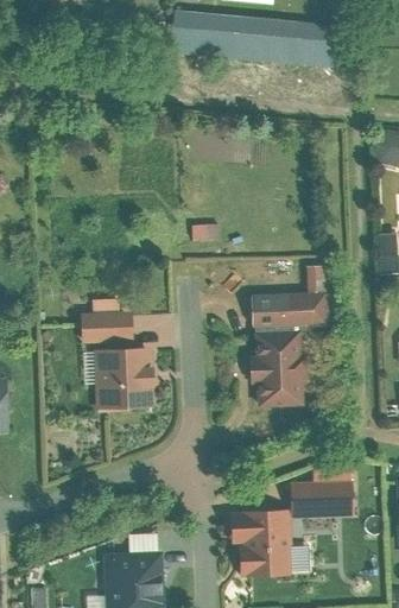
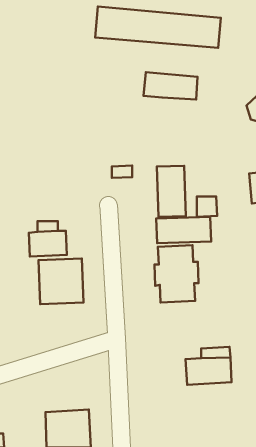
building: none -> [143,72,198,100]
building: none -> [157,166,186,217]
building: [246,509,293,577] -> none

